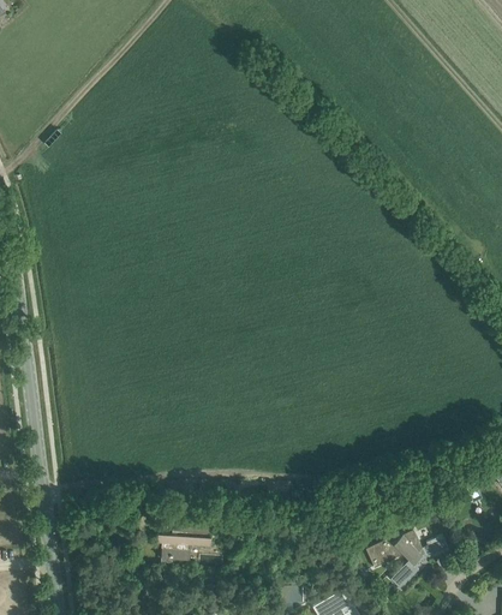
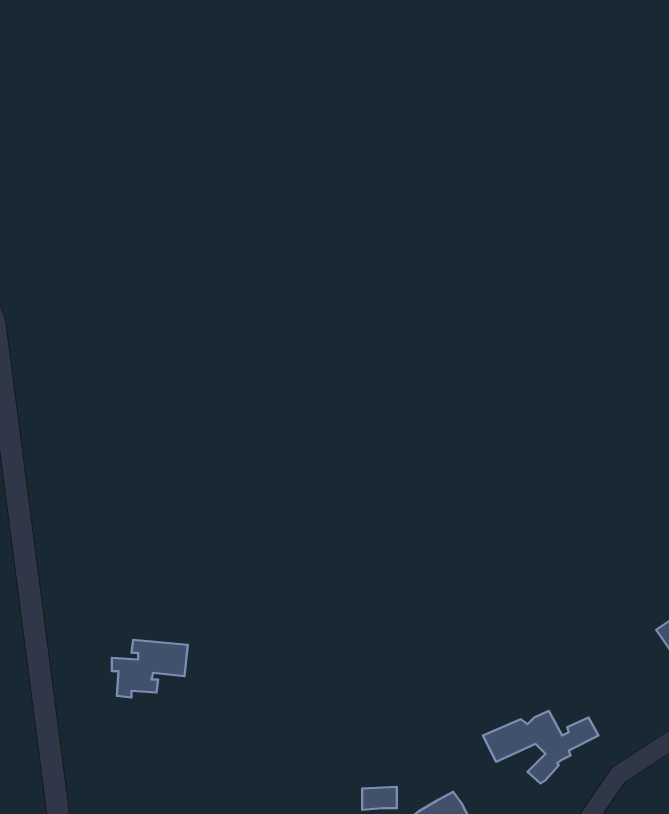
building: [157,521,213,563] -> [112,640,188,698]

